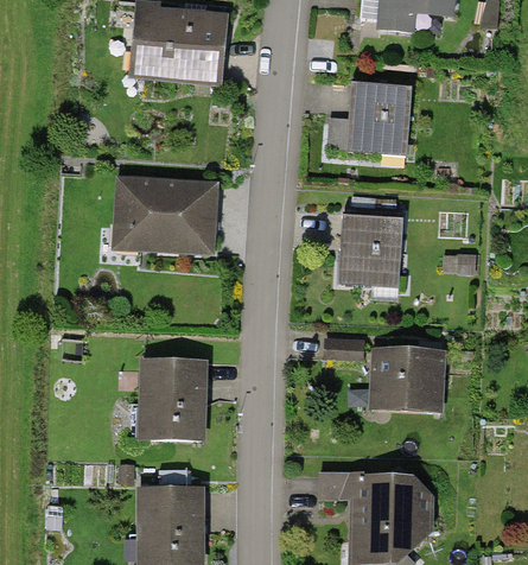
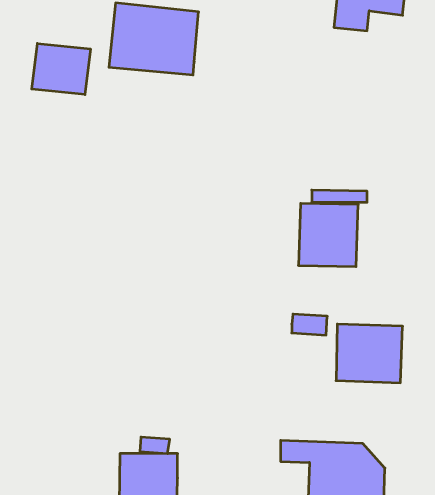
building: none -> [32,43,90,95]
building: [331,82,413,153] -> none
building: [116,177,221,255] -> none
building: [142,357,208,440] -> none

